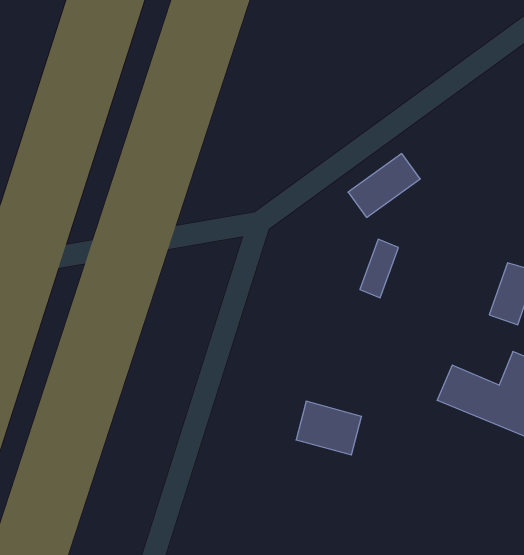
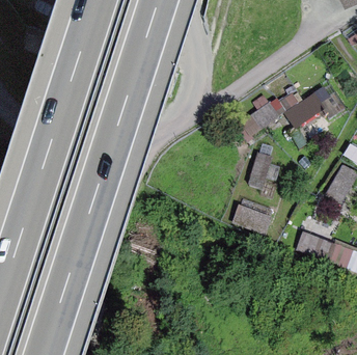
building: none -> [283,90,328,125]
building: [296,401,362,455] -> [232,199,273,233]

